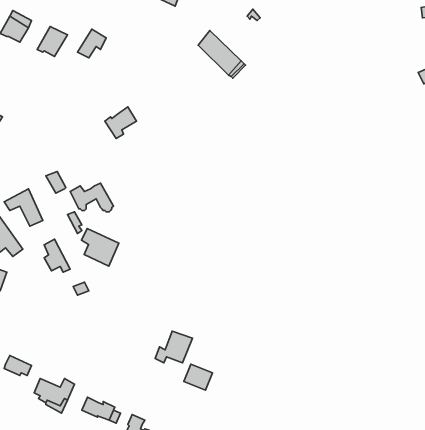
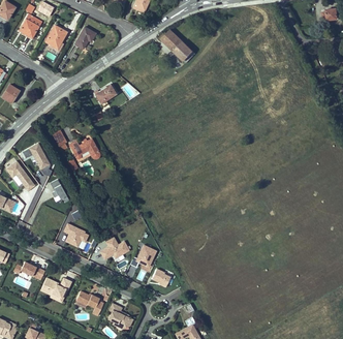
building: [81,229,119,266] -> [62,222,89,249]
building: none -> [98,236,129,259]

